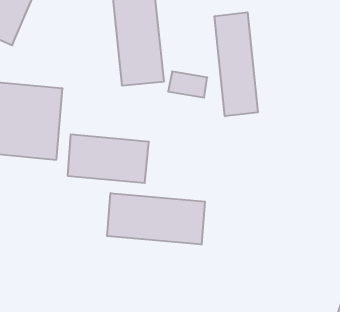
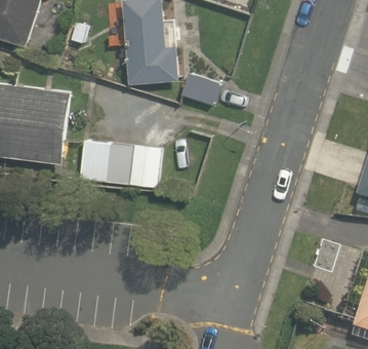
building: [215,12,258,116] -> none
building: [107,193,205,245] -> none

